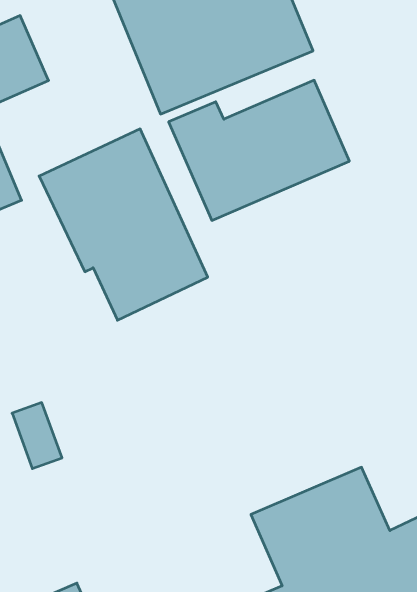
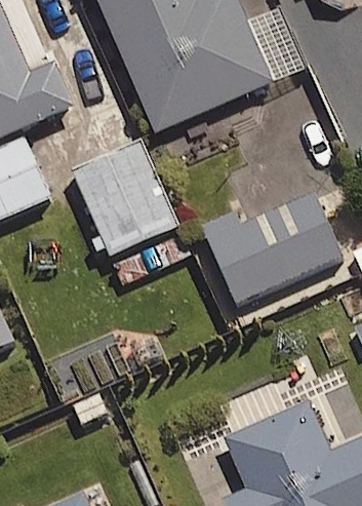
building: [169,80,349,220] -> [203,195,340,302]

